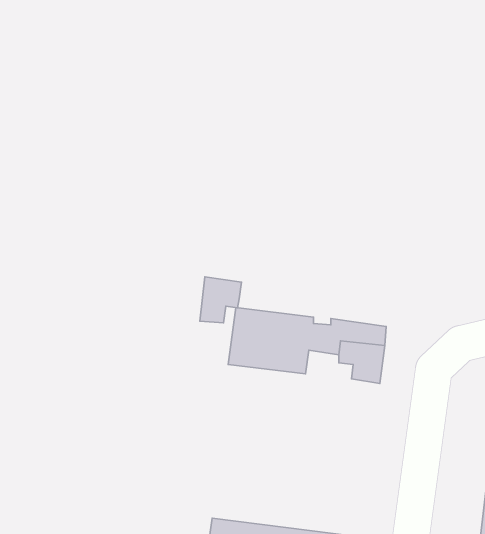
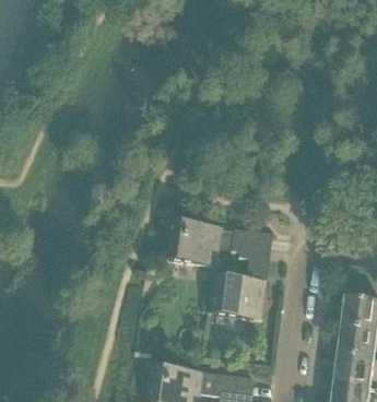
building: [200,277,241,323] -> none
building: none -> [209,274,266,319]

